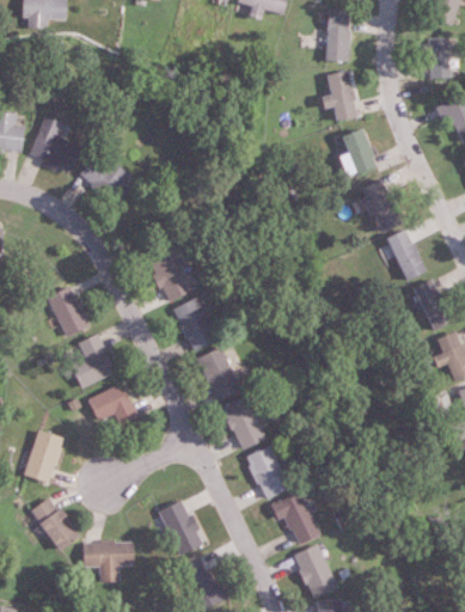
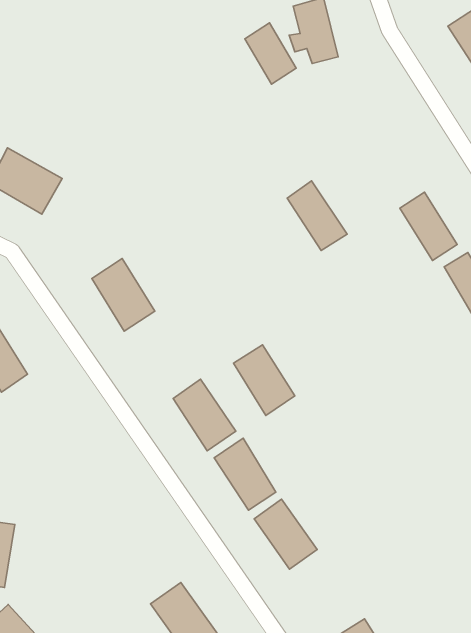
building: [342,128,378,175] -> [245,23,296,84]
building: [362,178,404,232] -> [287,181,347,250]
building: [172,298,215,351] -> [233,345,295,416]
building: [72,333,116,387] -> none
building: [88,384,137,427] -> none
building: [271,492,319,545] -> none

